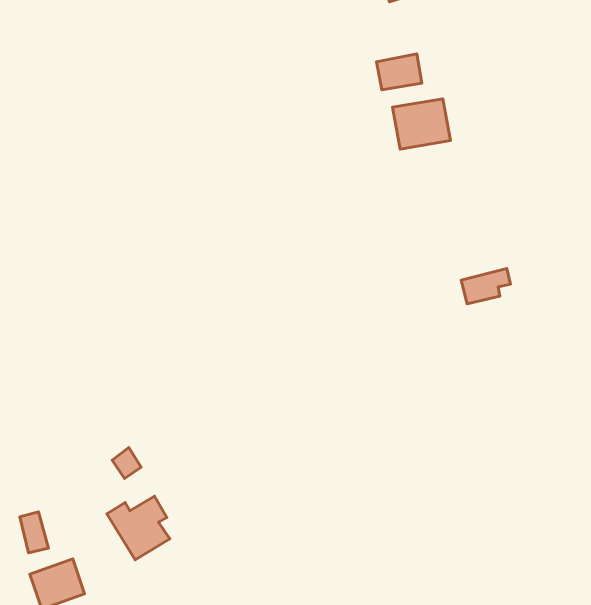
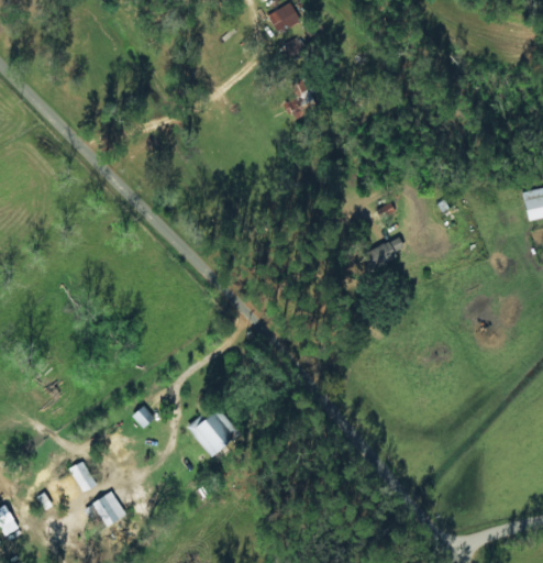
building: [393,99,451,149] -> none
building: [107,496,170,560] -> [185,409,233,457]

